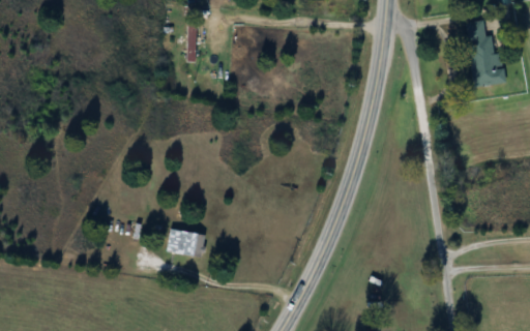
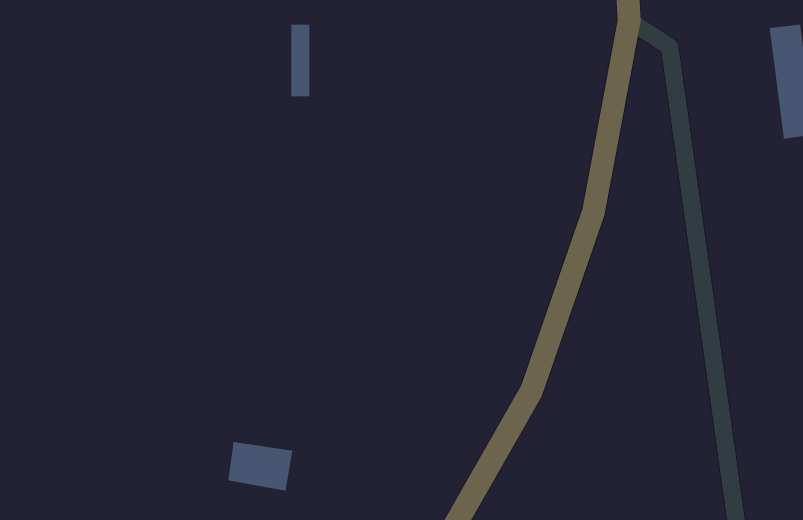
building: [169,228,207,257] -> [228,442,293,491]

